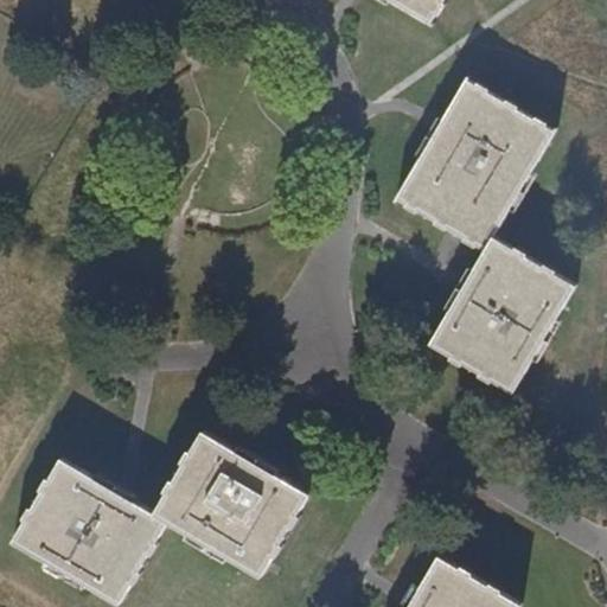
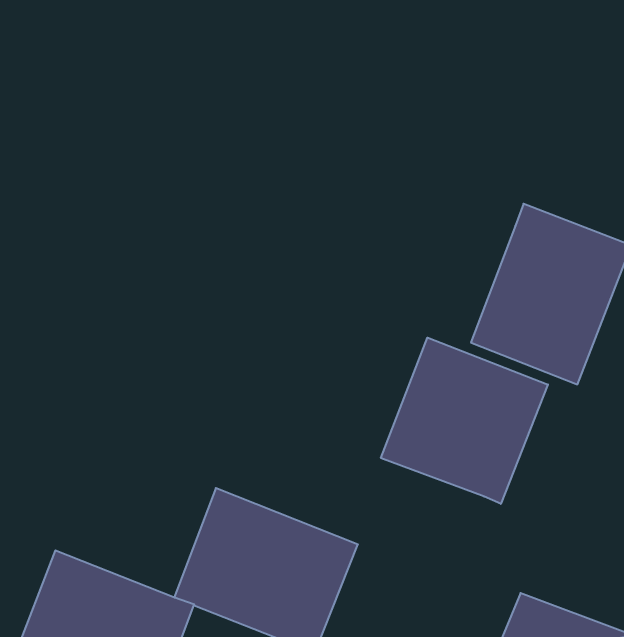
building: [392,76,555,254] -> none
building: none -> [381,338,548,504]

